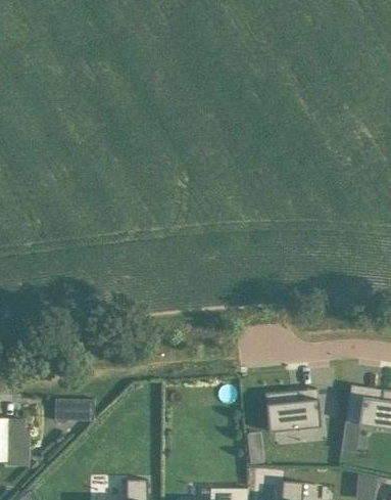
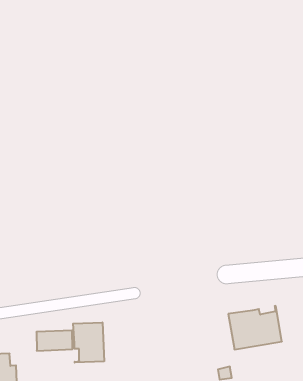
building: none -> [73,322,104,363]

